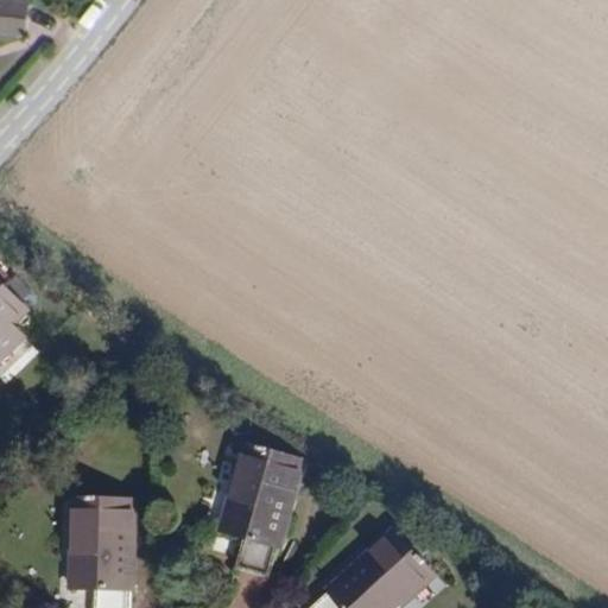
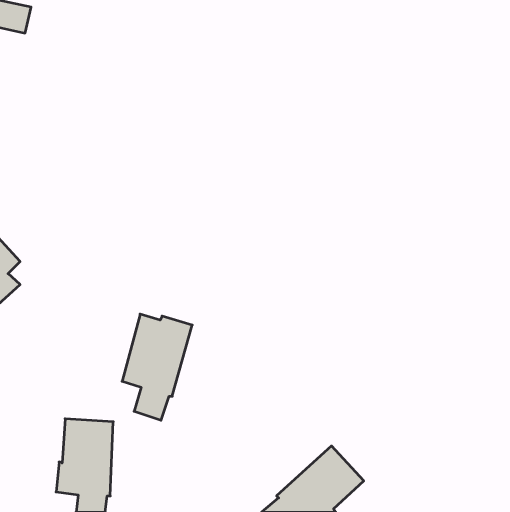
building: [222,448,305,574] -> [122,314,192,420]

